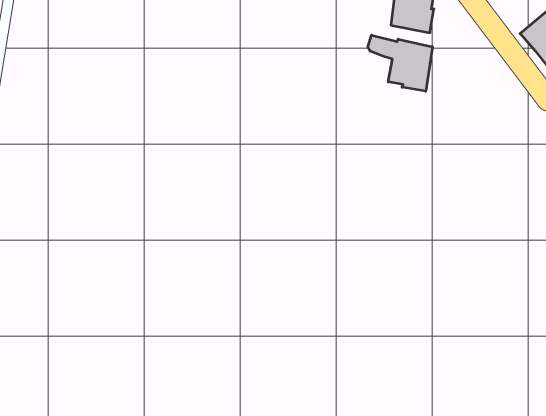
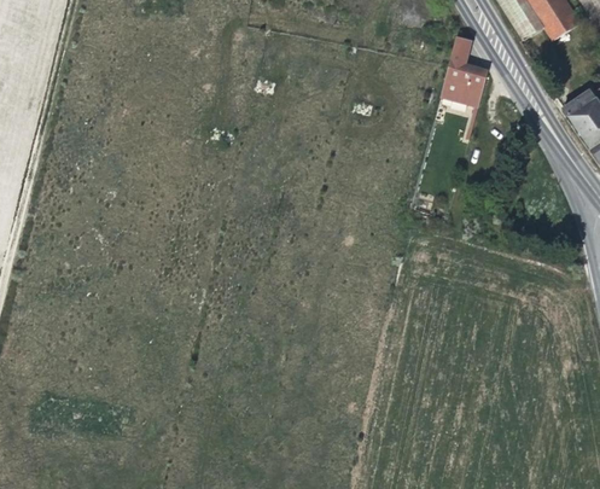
building: [368,35,432,91] -> none

